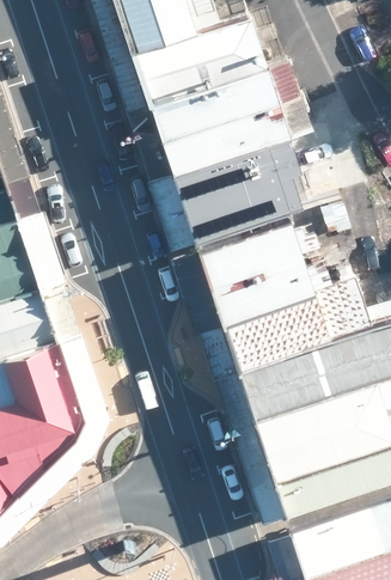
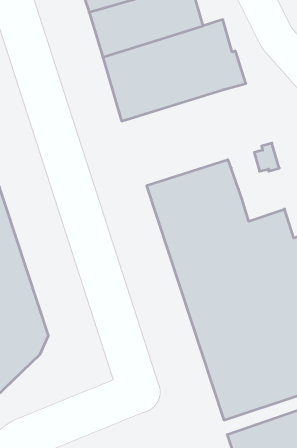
building: [167,138,299,244] -> none

